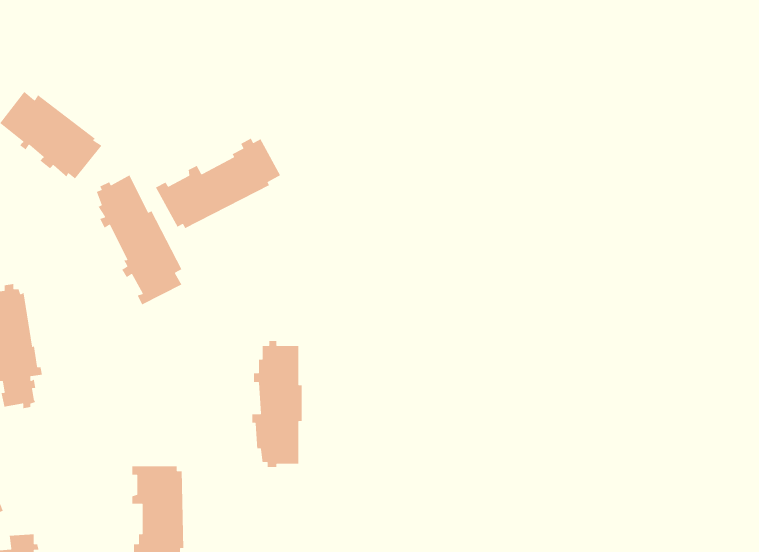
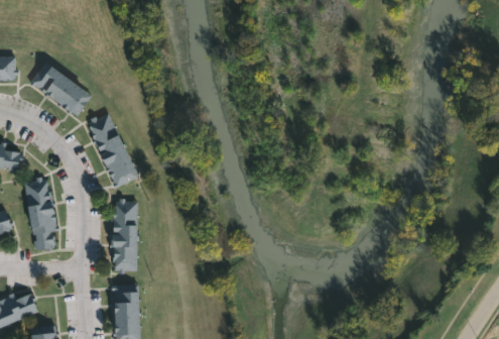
building: [155,138,281,229] -> none
building: [252,340,303,468] -> [109,199,139,274]

